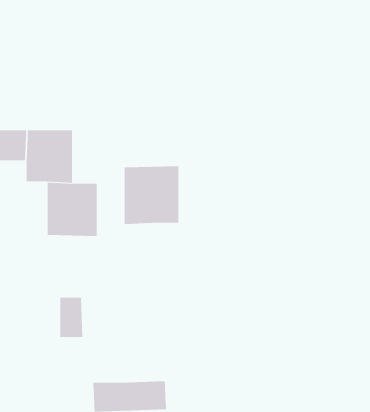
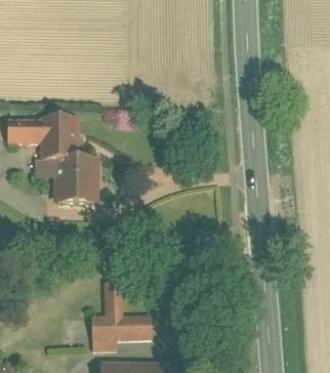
building: [124,166,179,225] -> none
building: [60,297,83,337] -> [104,286,122,318]

